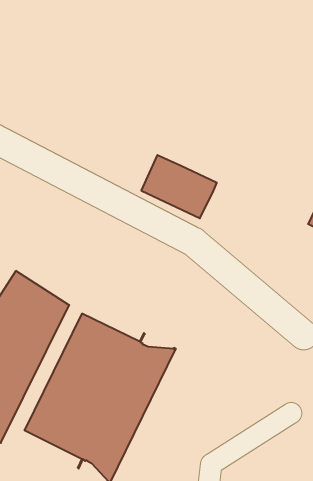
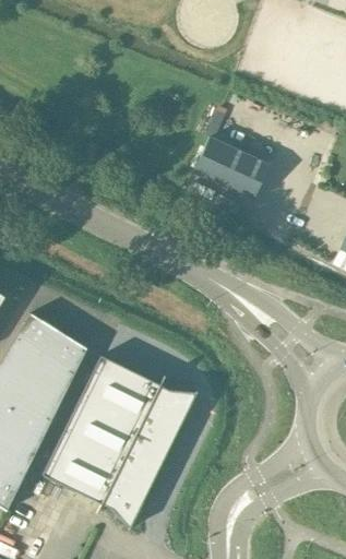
building: [141,155,217,218] -> [191,135,269,200]

